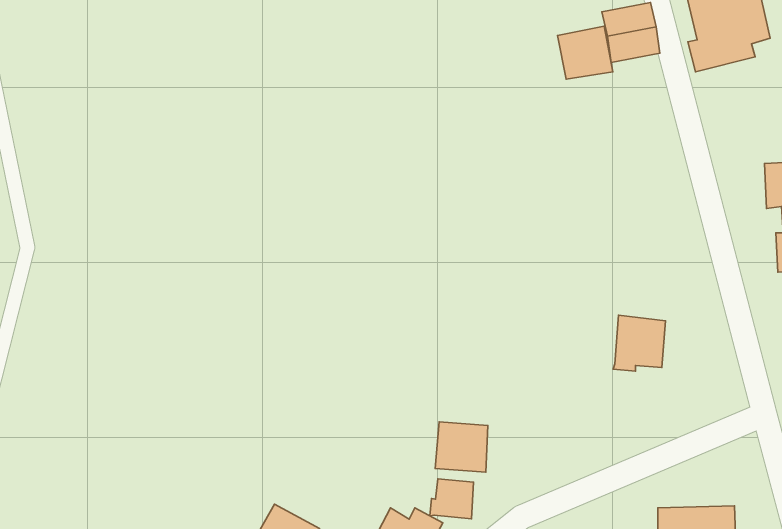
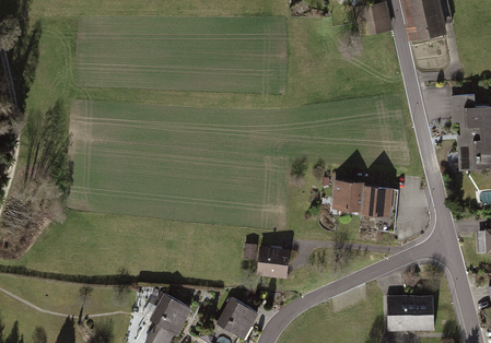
building: [558,26,613,79] -> none
building: none -> [332,180,364,213]
building: [430,479,474,519] -> none

